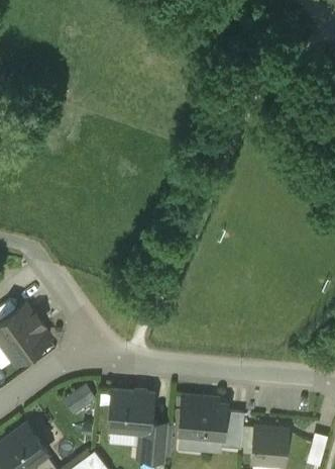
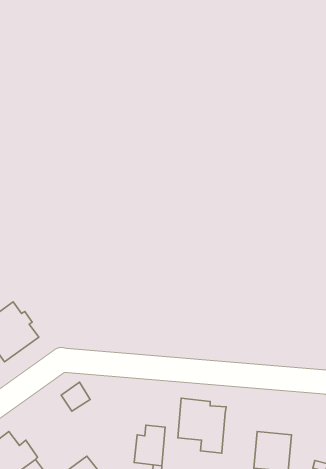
building: [109,390,152,432] -> none
building: [221,410,244,449] -> none

